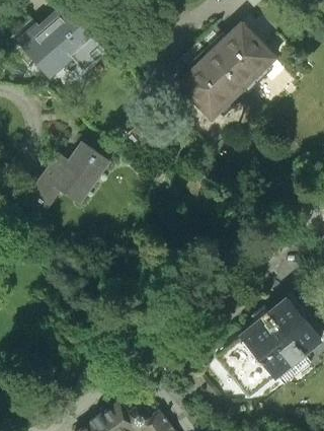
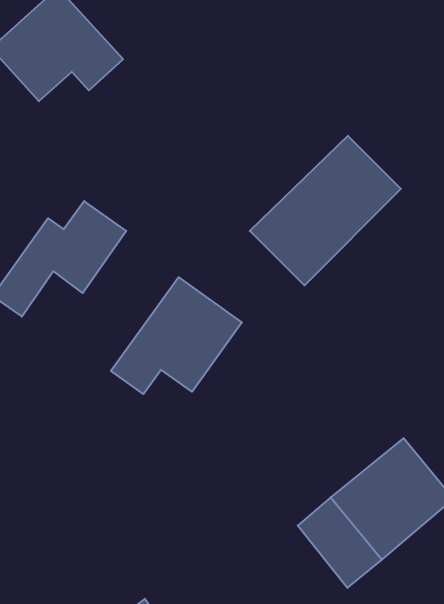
building: [176,24,274,122] -> [250,136,401,285]
building: none -> [111,277,242,394]

